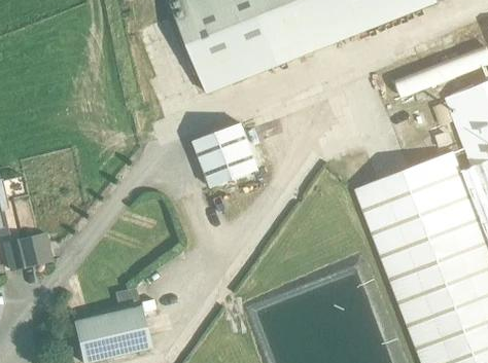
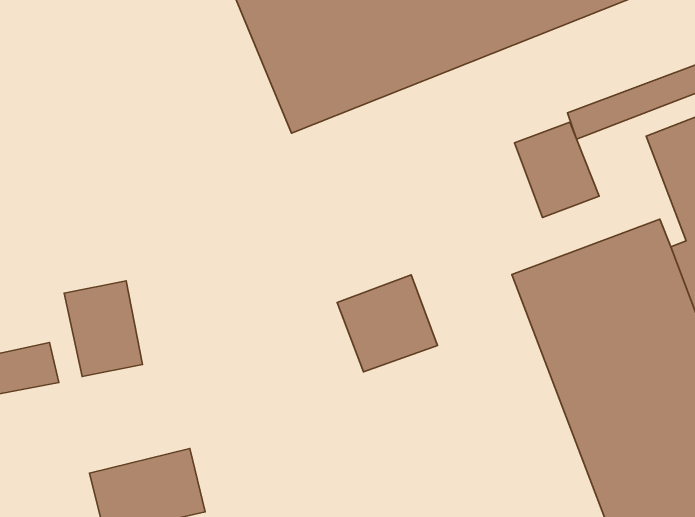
building: none -> [514,122,599,218]
building: [193,121,259,186] -> [337,275,437,372]
building: none -> [64,281,143,376]

